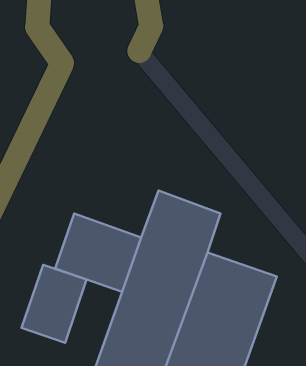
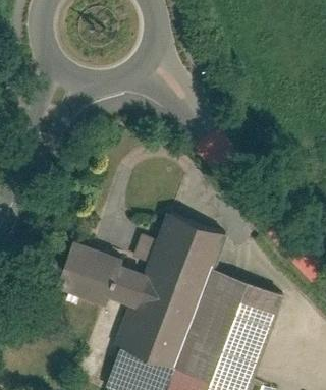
building: [21,265,86,343] -> none

